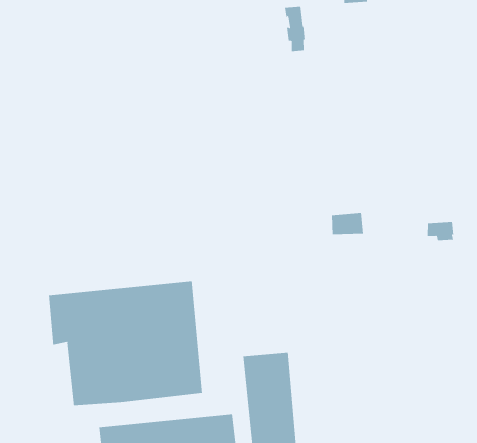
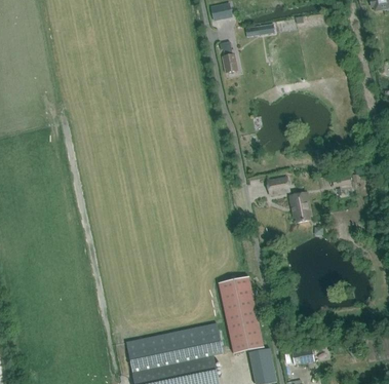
building: none -> [290,193,311,223]
building: [49,280,203,406] -> none

